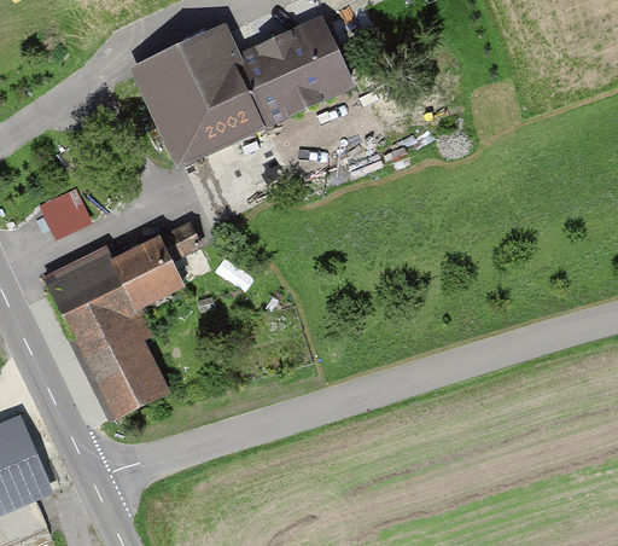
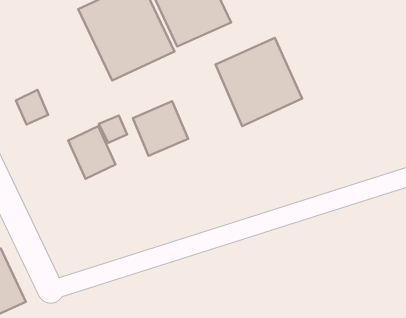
building: none -> [216,38,302,126]
building: none -> [133,101,188,156]
building: [46,256,173,417] -> none

